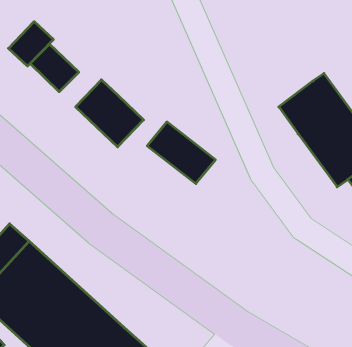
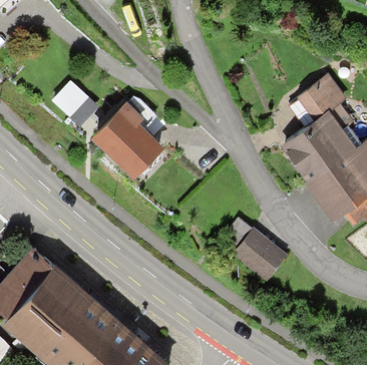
building: [8,22,53,66] -> none
building: none -> [301,75,341,113]
building: [147,122,215,184] -> [221,220,284,277]

